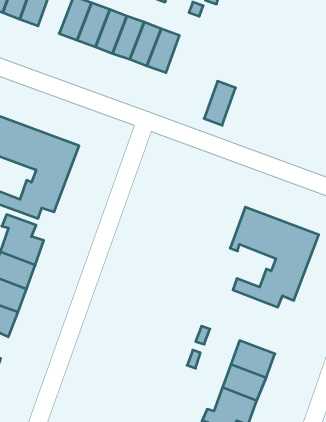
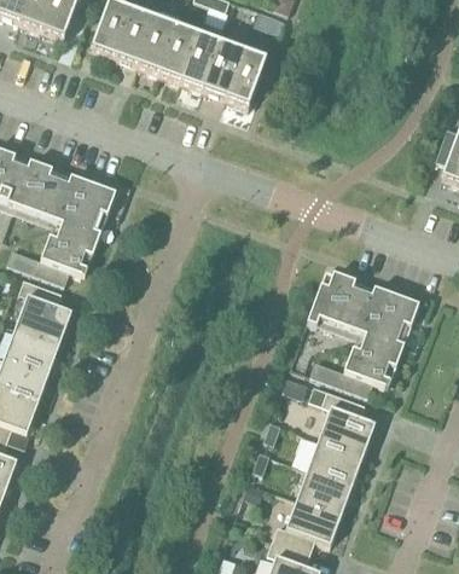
building: [204,81,236,125] -> [226,51,266,106]
building: none -> [309,384,374,454]

